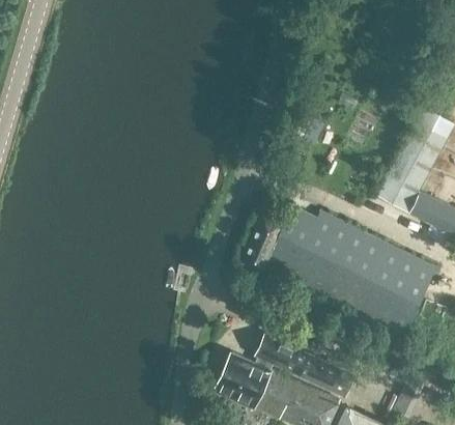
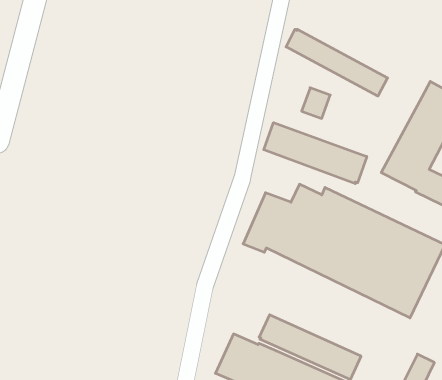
building: none -> [286,29,388,96]
building: none -> [264,123,367,184]

